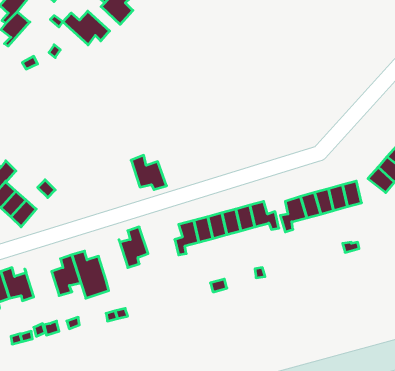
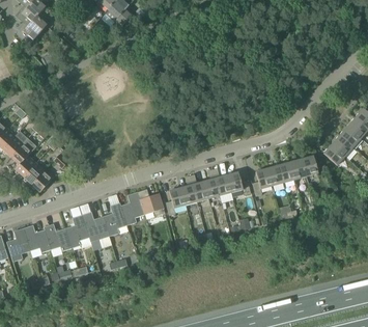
building: [63,11,110,45] -> none
building: [131,155,167,190] -> [137,187,166,215]
building: none -> [104,201,128,235]
building: none -> [44,222,72,250]

